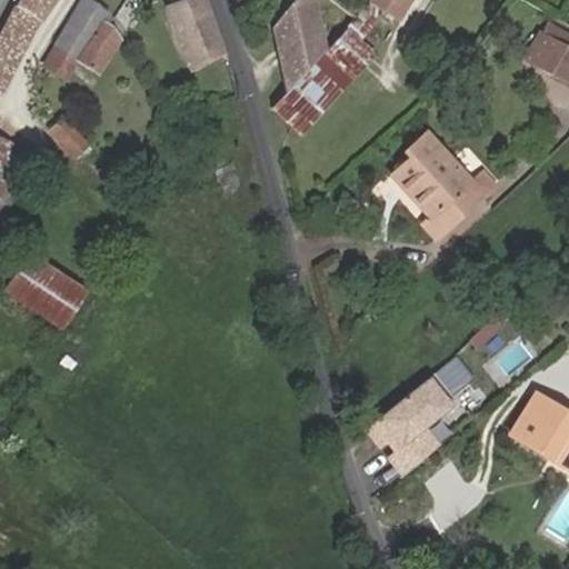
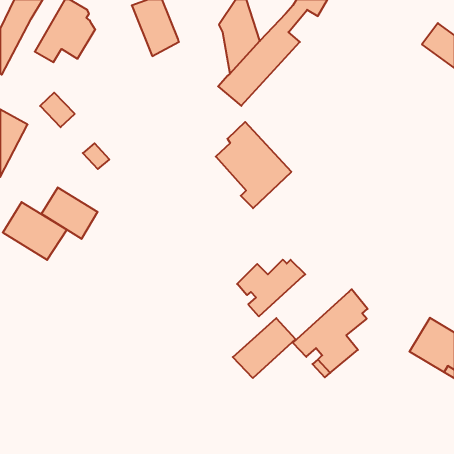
building: [390,131,485,239] -> [216,122,291,208]
building: none -> [41,187,98,239]
building: none -> [237,260,305,316]
building: none -> [233,318,296,378]

